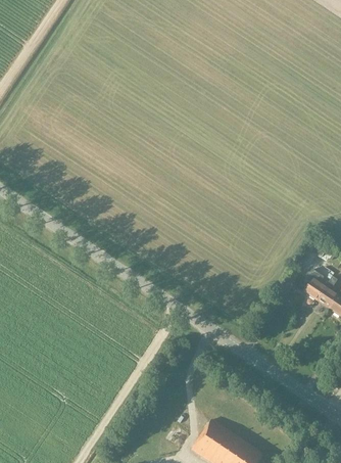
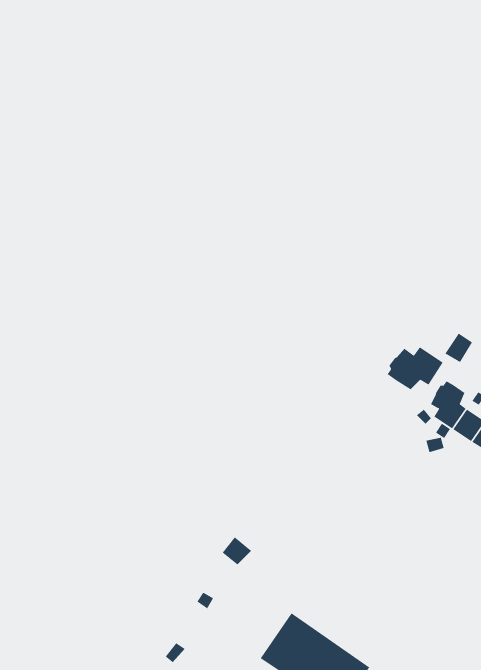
building: none -> [387,346,443,390]

